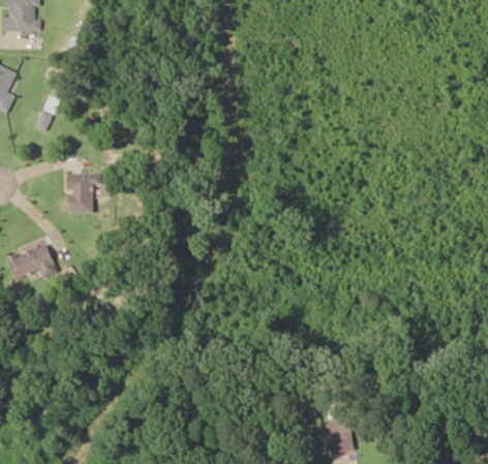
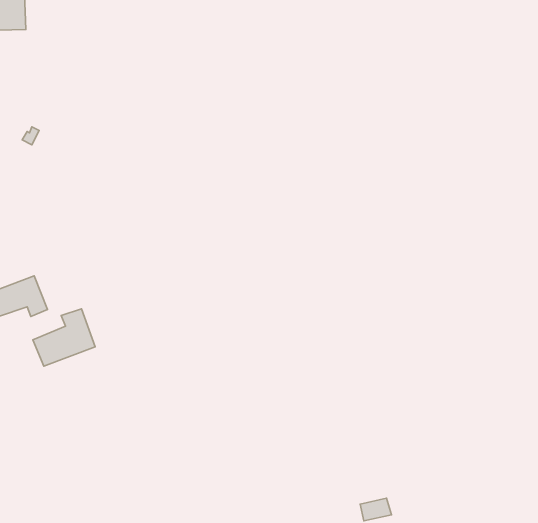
building: [67,174,99,213] -> none
building: none -> [33,309,95,366]

